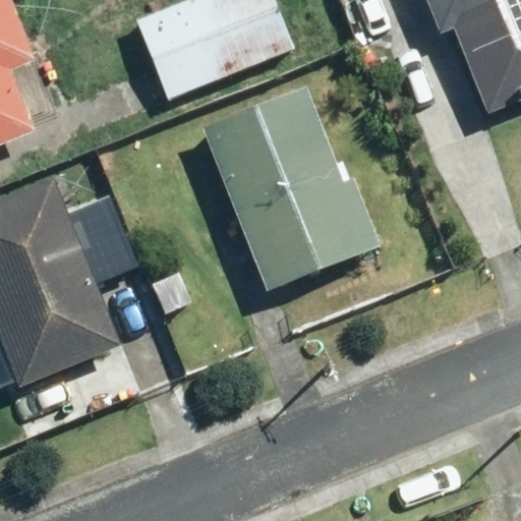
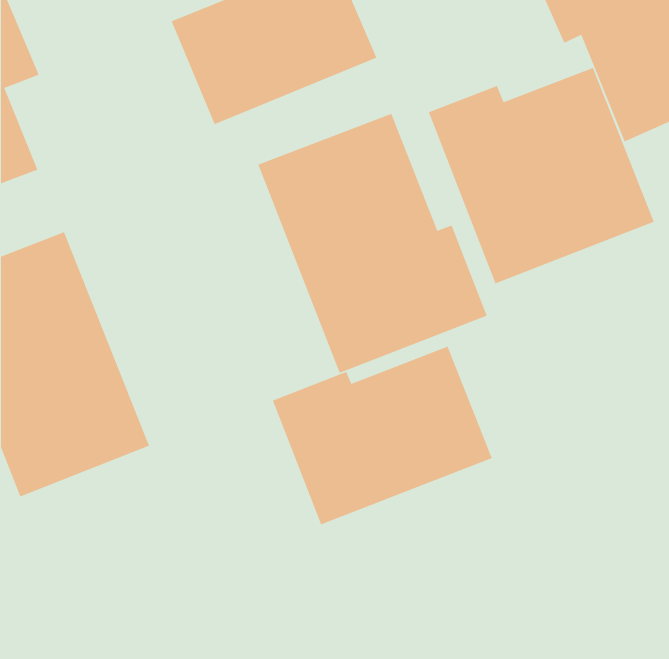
building: none -> [428,67,654,284]
building: none -> [272,346,492,525]

